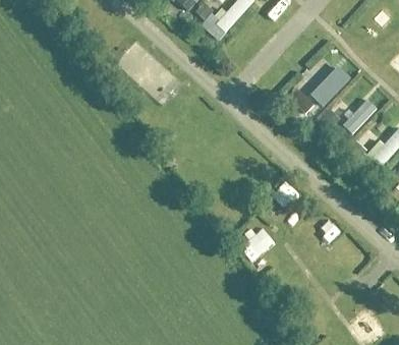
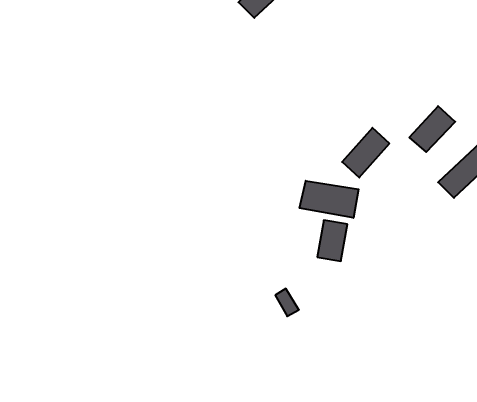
building: [310,66,347,105] -> [342,128,389,178]
building: none -> [300,181,359,218]

